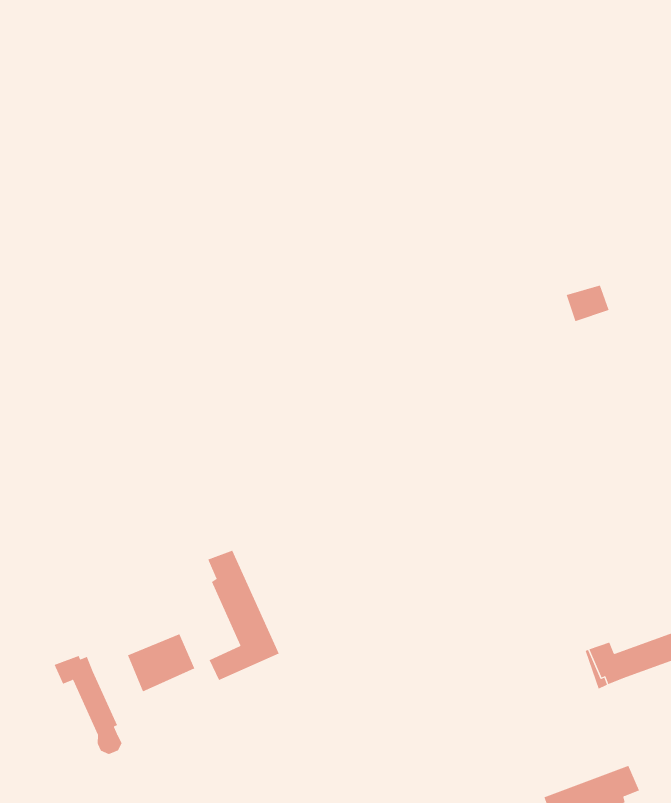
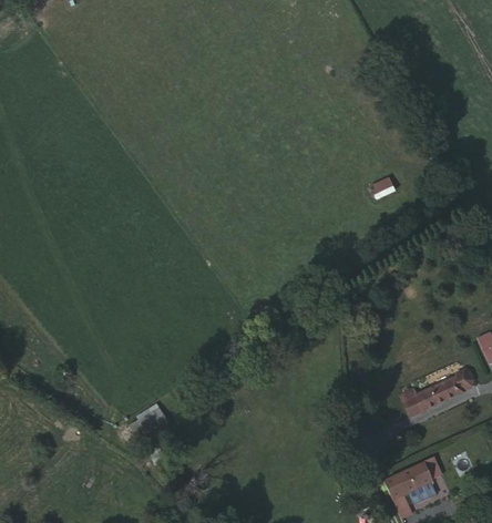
building: [208,550,279,681] -> none
building: [54,655,122,755] -> none

